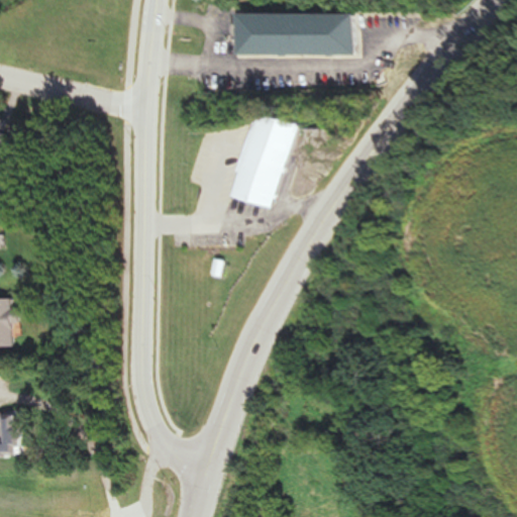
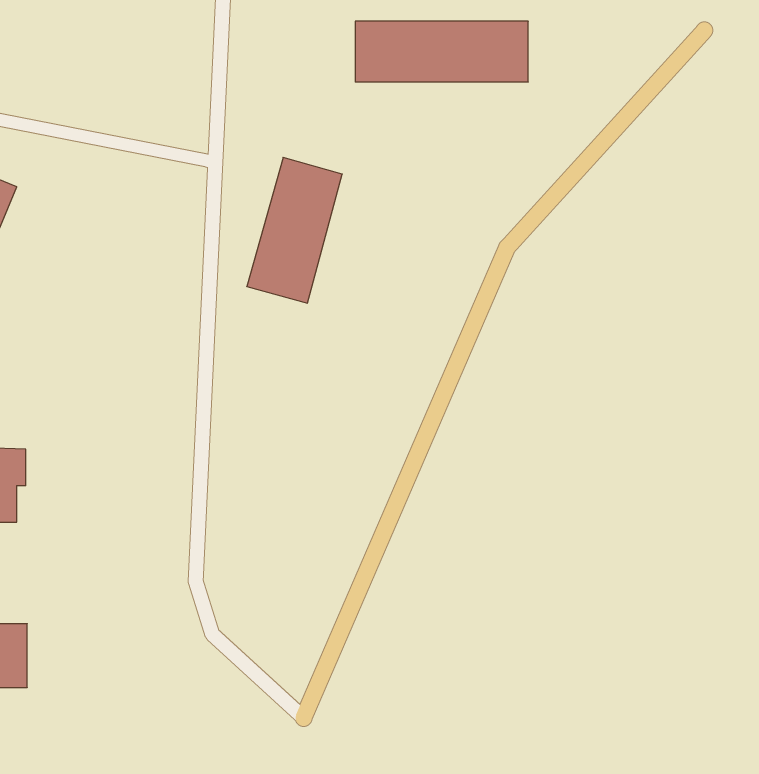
building: [228,111,292,208] -> [247,157,342,303]

